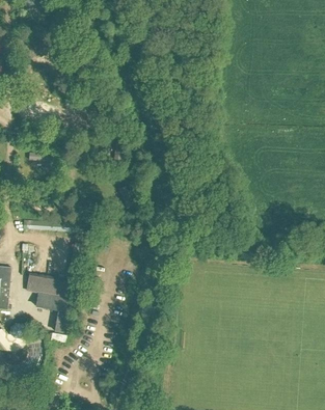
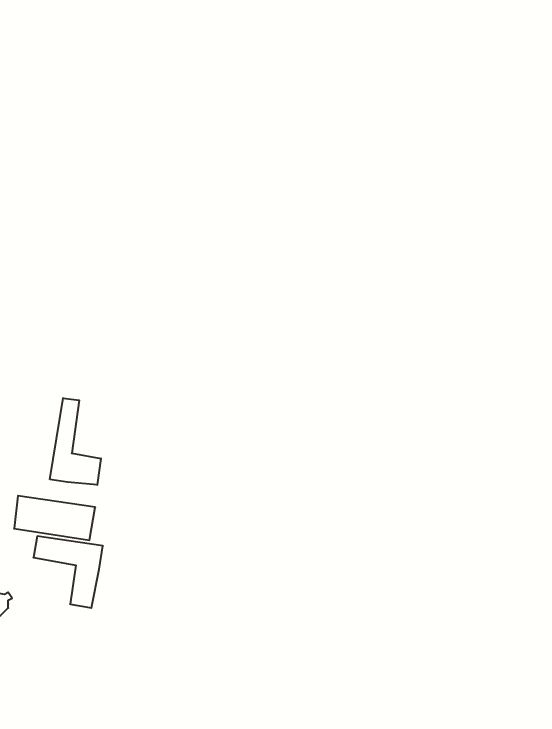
building: none -> [50,398,101,485]

